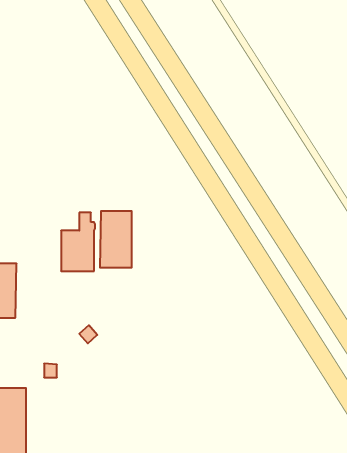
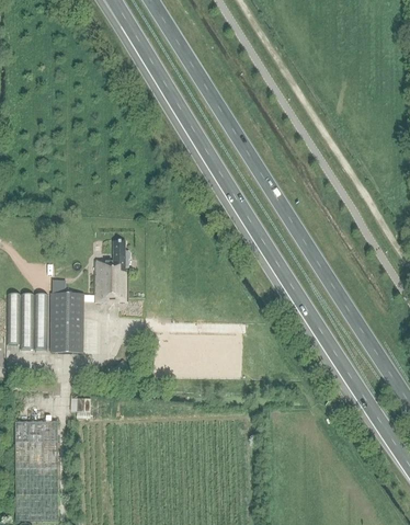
building: [100,211,132,268] -> [50,293,83,351]

